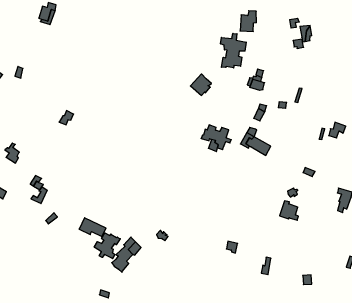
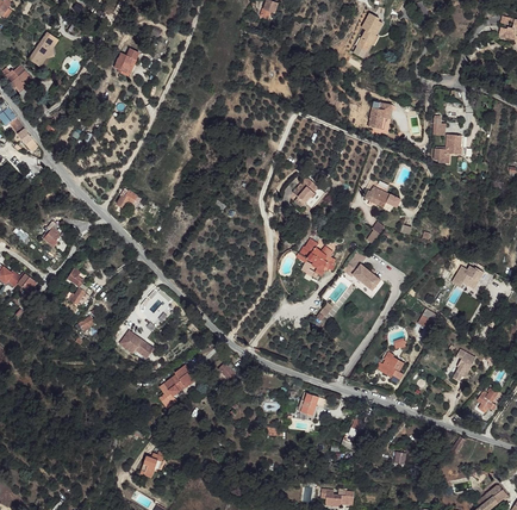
building: [221,33,246,68] -> none
building: [94,233,120,259] -> none

